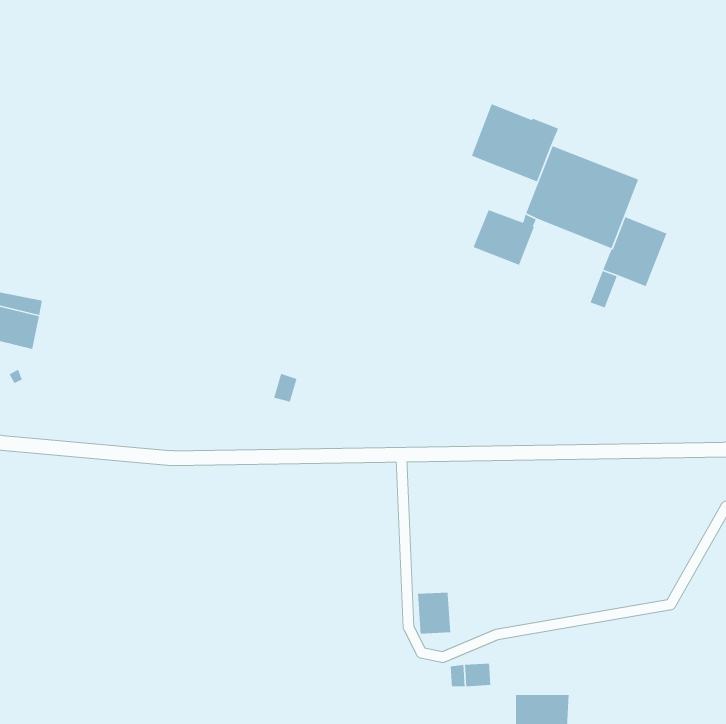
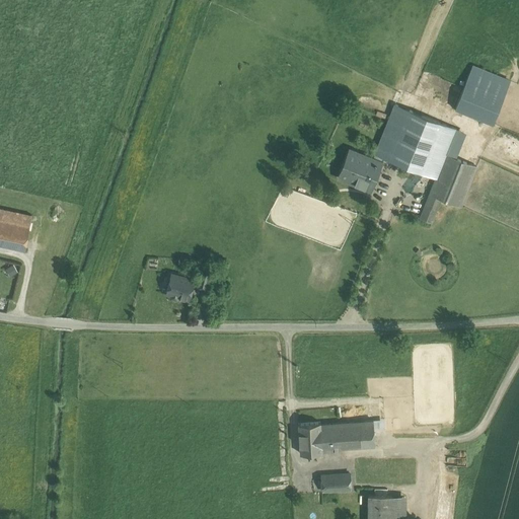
building: none -> [454,68,509,126]
building: [471,103,559,182] -> none
building: none -> [165,275,193,300]
building: none -> [319,422,374,453]

